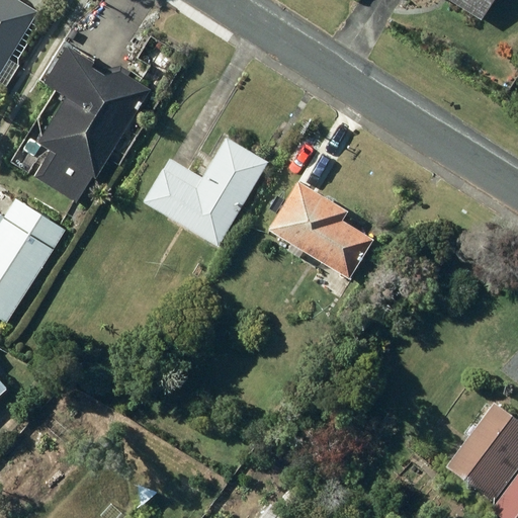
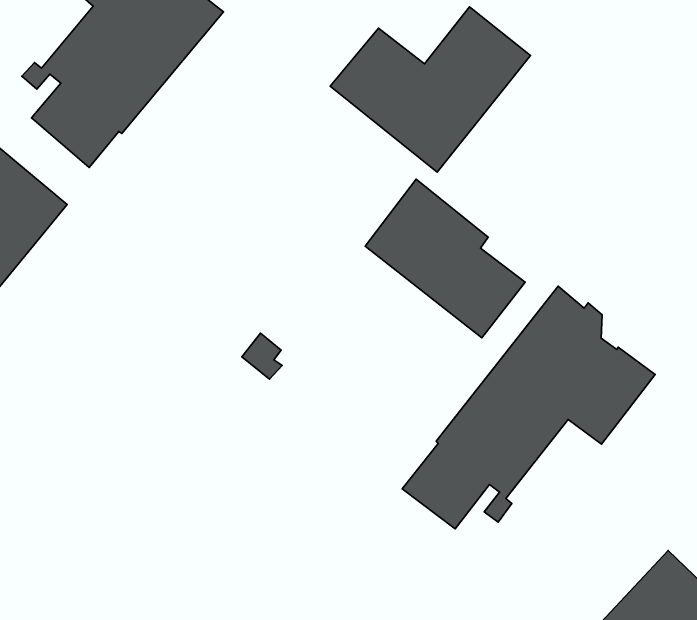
building: [140,136,268,247] -> [330,7,530,172]
building: none -> [402,286,655,529]

